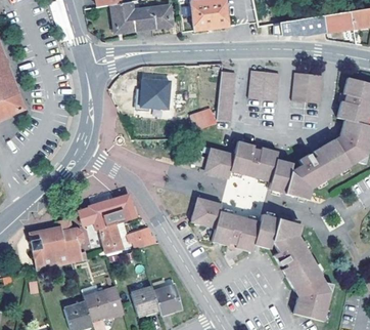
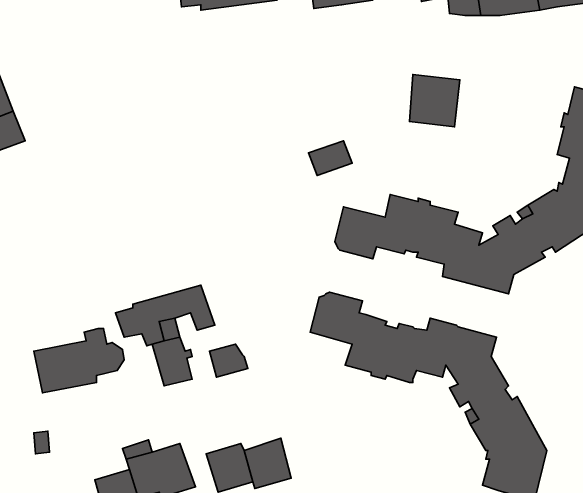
building: [217,72,237,121] -> none
building: [293,72,323,102] -> none
building: [137,79,170,108] -> none
building: [35,244,87,271] -> none

